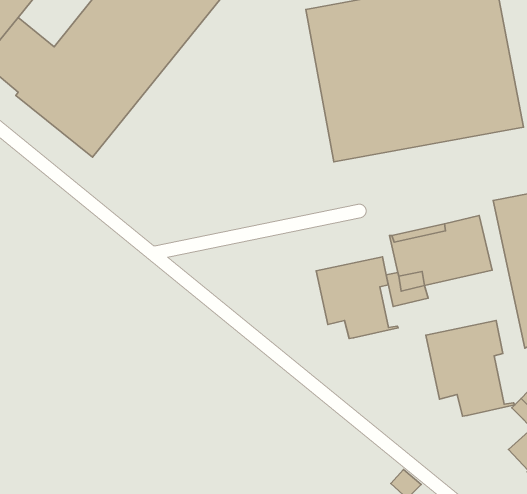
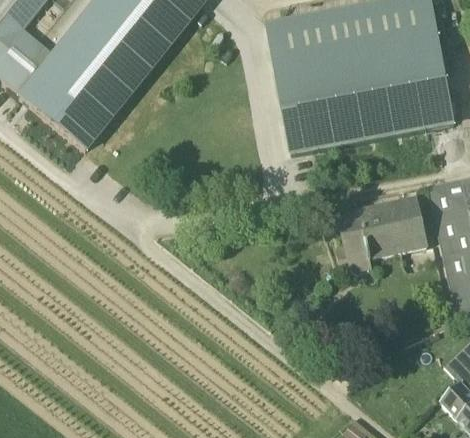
building: [316,257,398,339] -> none
building: [426,320,515,416] -> none

